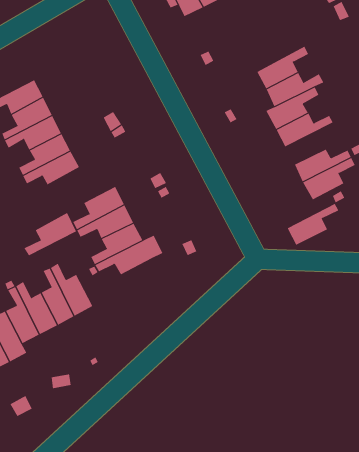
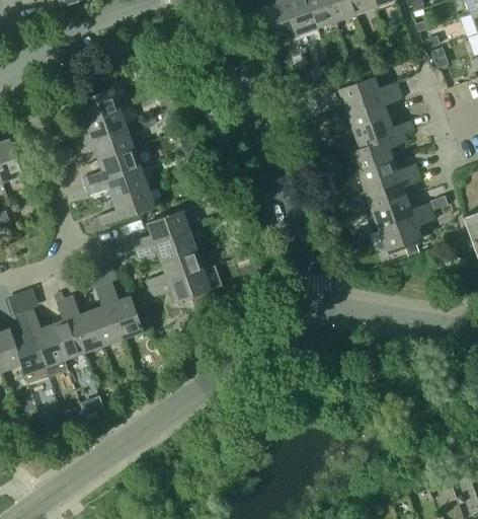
building: none -> [336,76,398,109]
building: [287,203,339,245] -> [364,172,420,211]
building: [24,212,77,256] -> [97,184,155,225]

